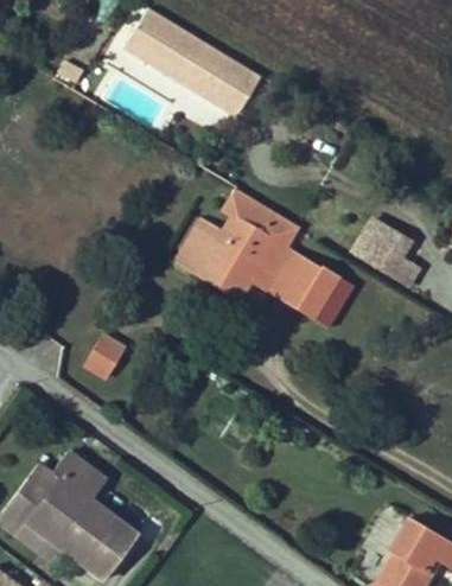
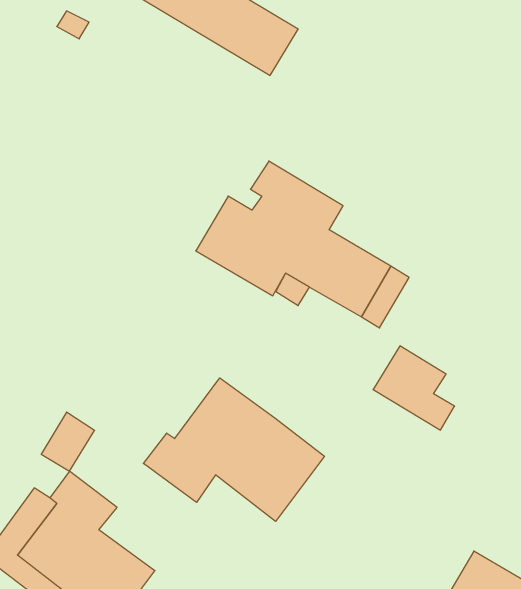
building: [352,217,421,288] -> [373,346,455,430]
building: [82,331,127,381] -> [41,412,95,471]
building: none -> [143,378,324,521]

